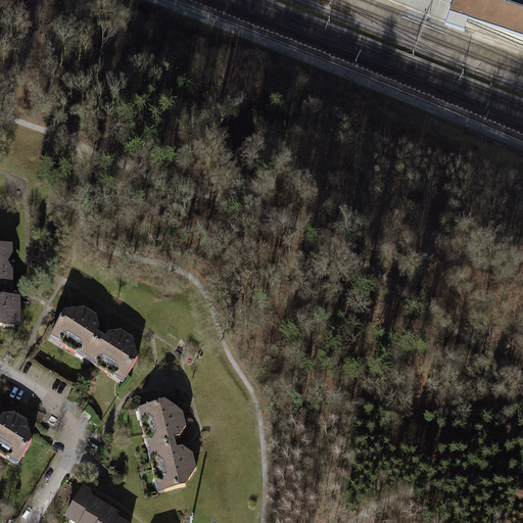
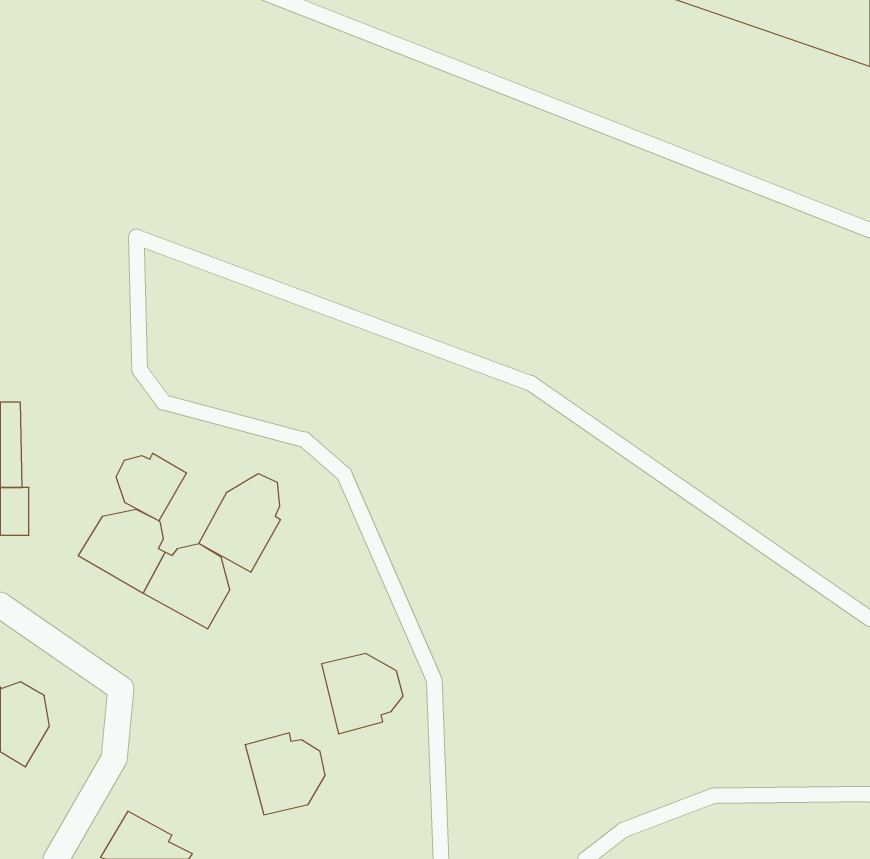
building: none -> [116,453,186,521]
building: none -> [199,474,280,572]
building: [137,398,186,446] -> [321,654,403,734]

